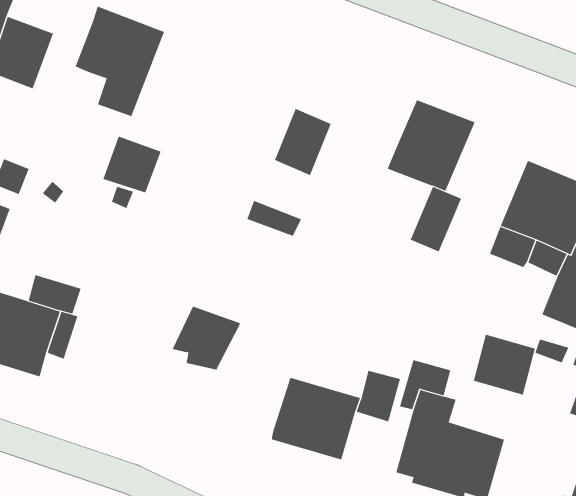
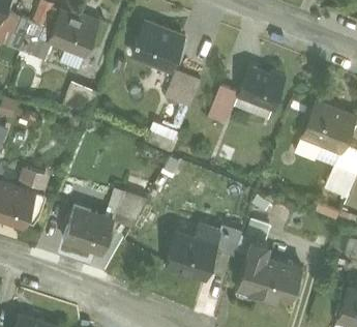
building: none -> [22,9,57,65]
building: none -> [131,20,185,72]
building: [410,186,462,252] -> [207,85,238,124]
building: [473,334,536,395] -> none
building: none -> [60,204,114,254]

